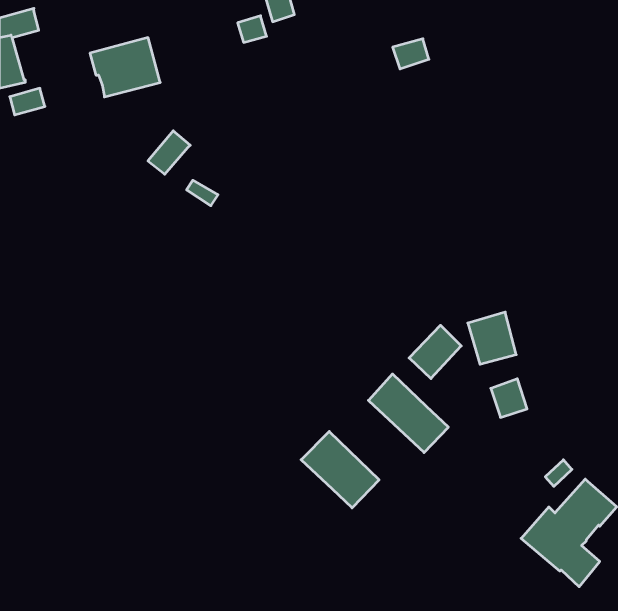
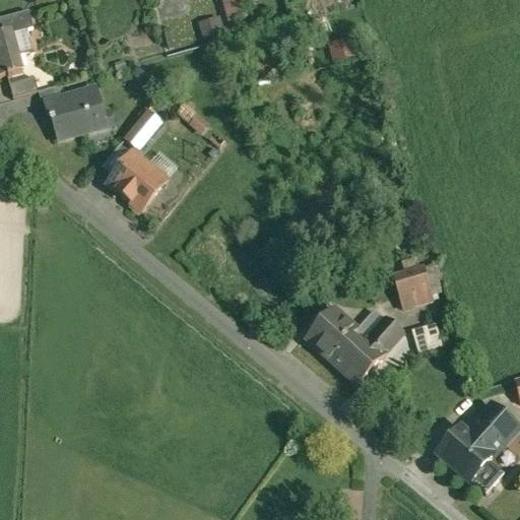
building: [90,38,160,97] -> [46,86,105,136]
building: none -> [108,151,165,207]
building: [409,325,461,379] -> [358,314,401,359]
building: [301,431,379,508] -> none

